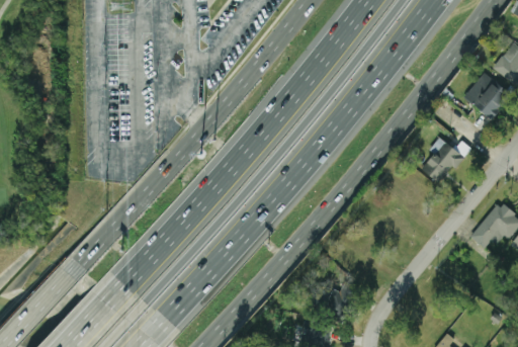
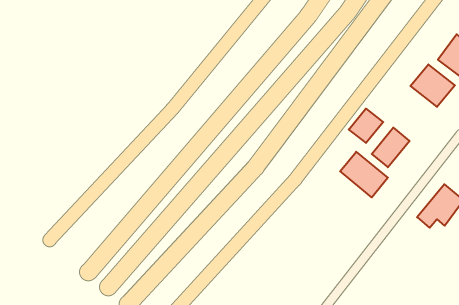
building: none -> [349,109,383,143]
building: none -> [340,152,388,197]

